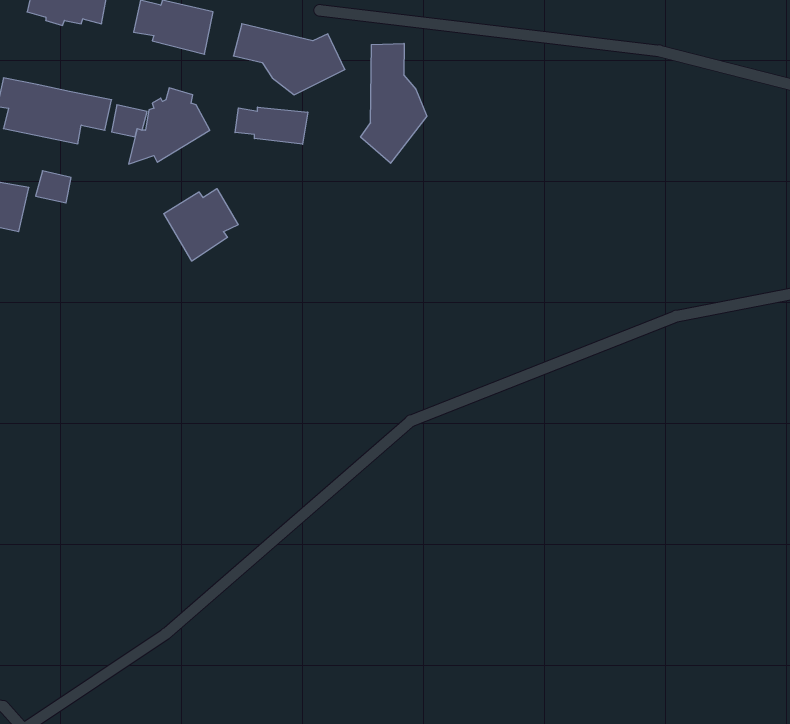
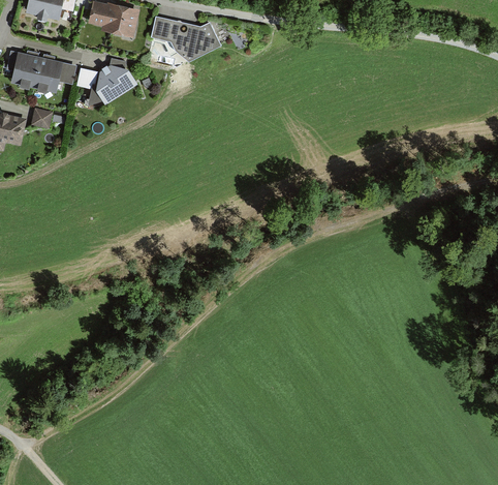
building: [361,43,427,163] -> none
building: [235,107,308,144] -> none
building: [164,189,238,261] -> none

